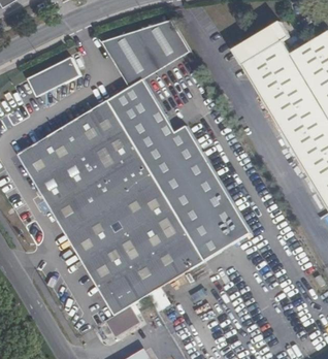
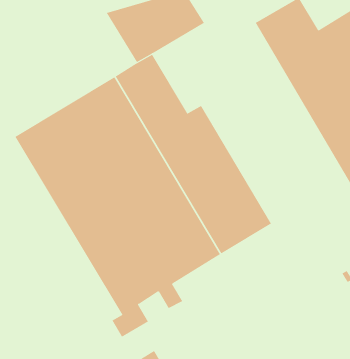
building: [28,58,79,97] -> none

